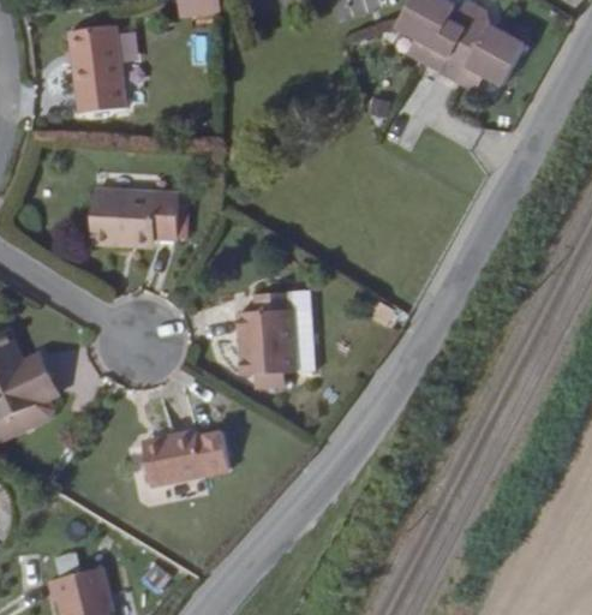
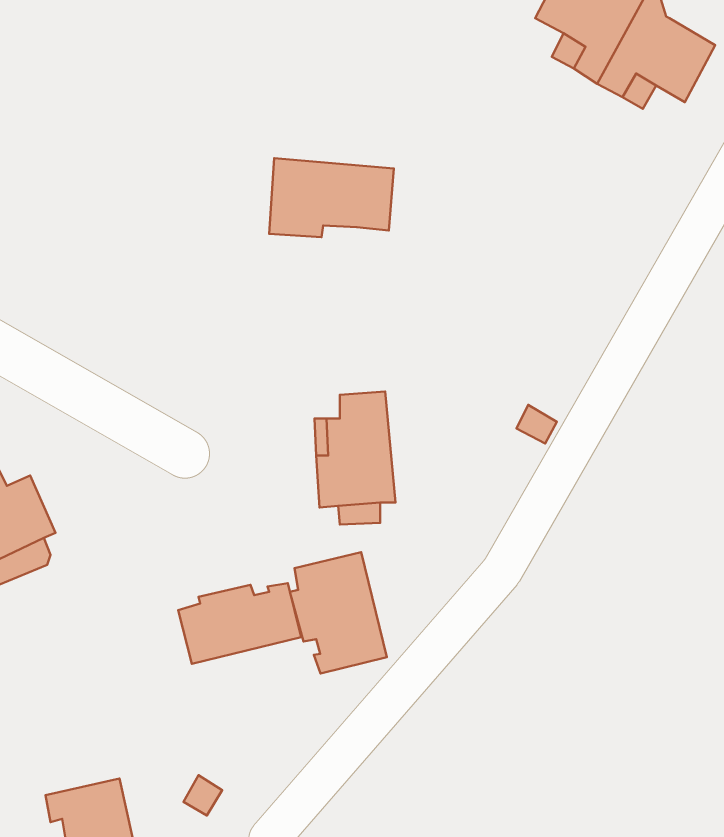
building: [67,26,124,111] -> none
building: [90,186,179,243] -> [269,158,394,237]
building: none -> [290,552,387,673]

